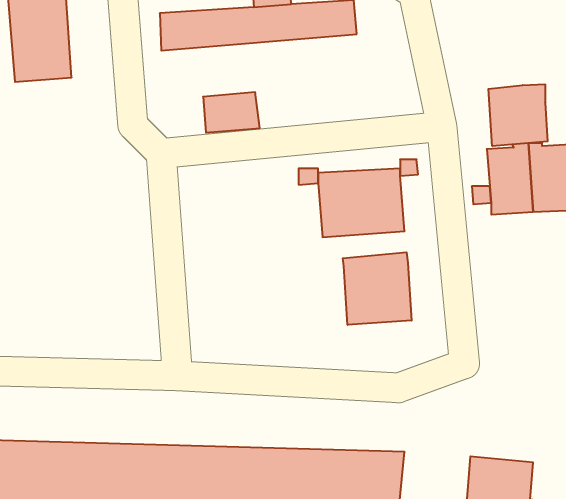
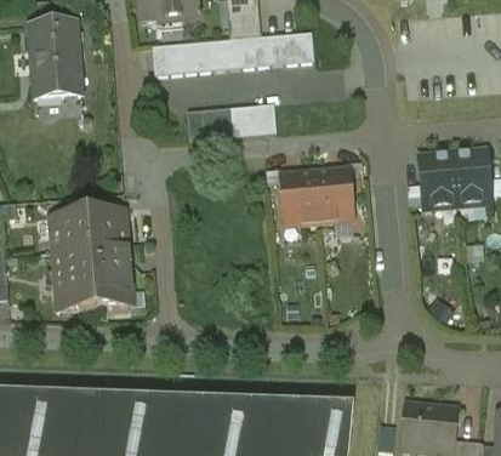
building: [488,84,548,146] -> none
building: none -> [230,104,277,137]
building: none -> [51,209,133,310]
building: [343,252,412,325] -> none

